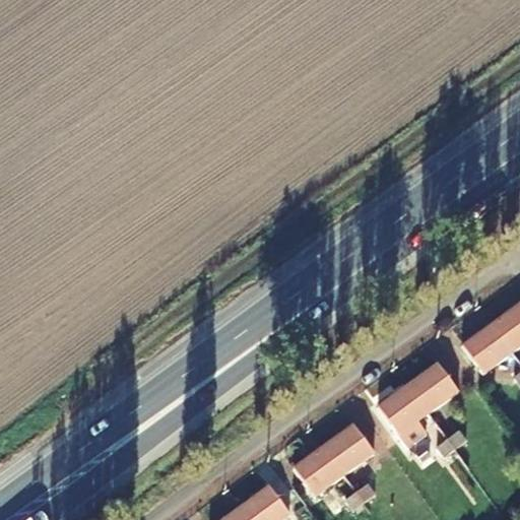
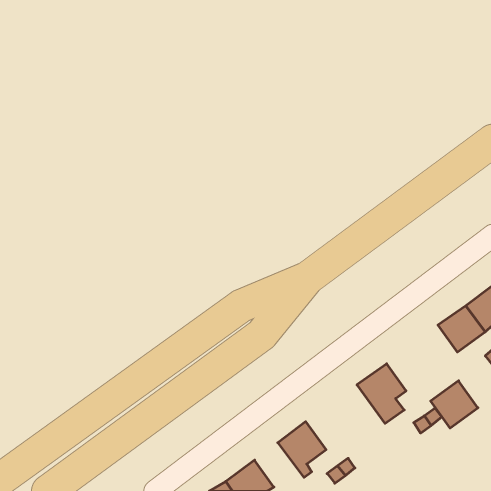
building: [409,362,459,411] -> [431,381,478,428]
building: [324,422,375,473] -> none

